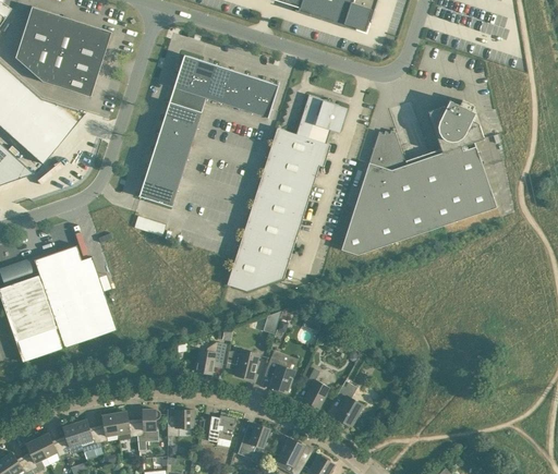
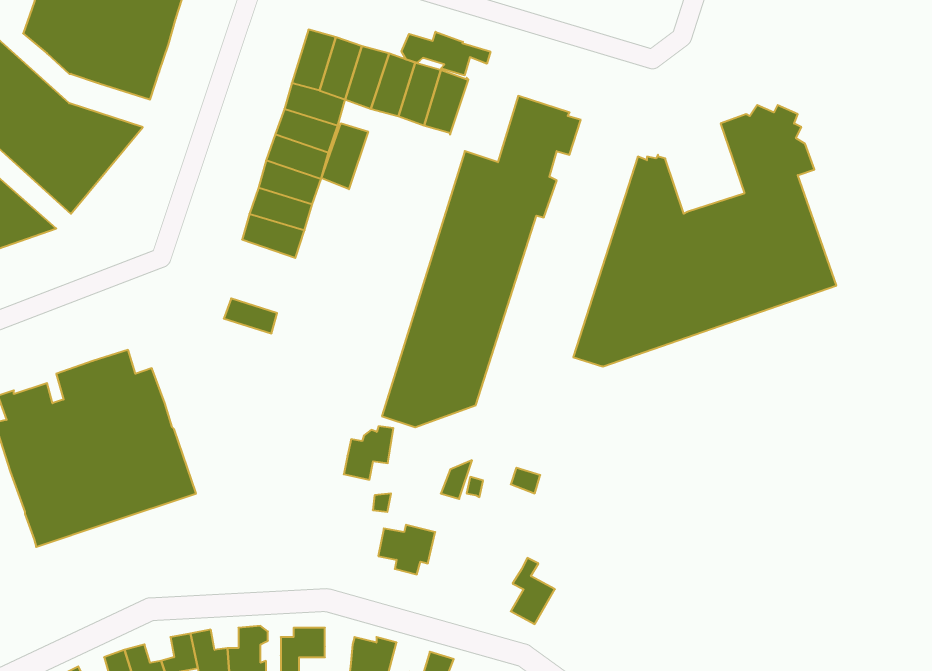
building: none -> [402,32,490,75]
building: none -> [321,123,368,189]
building: [137,180,175,207] -> none
building: [195,342,225,374] -> [344,426,393,480]
building: [265,356,293,391] -> none
building: [333,380,362,426] -> none

